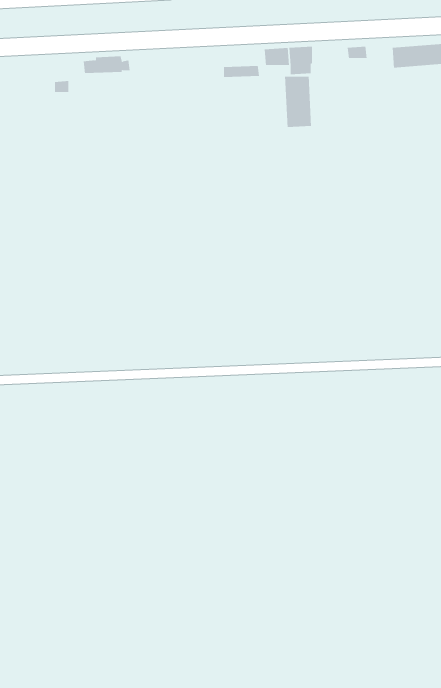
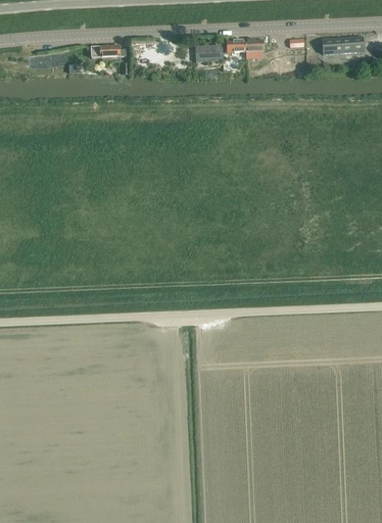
building: [285,76,312,128] -> none

